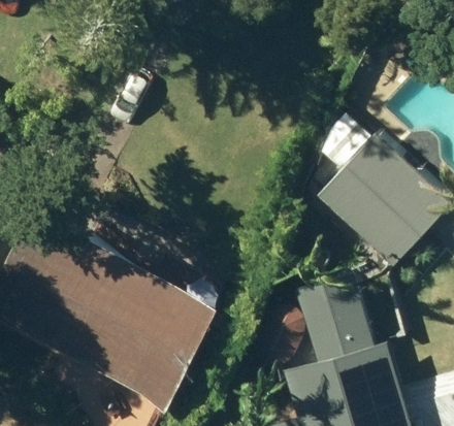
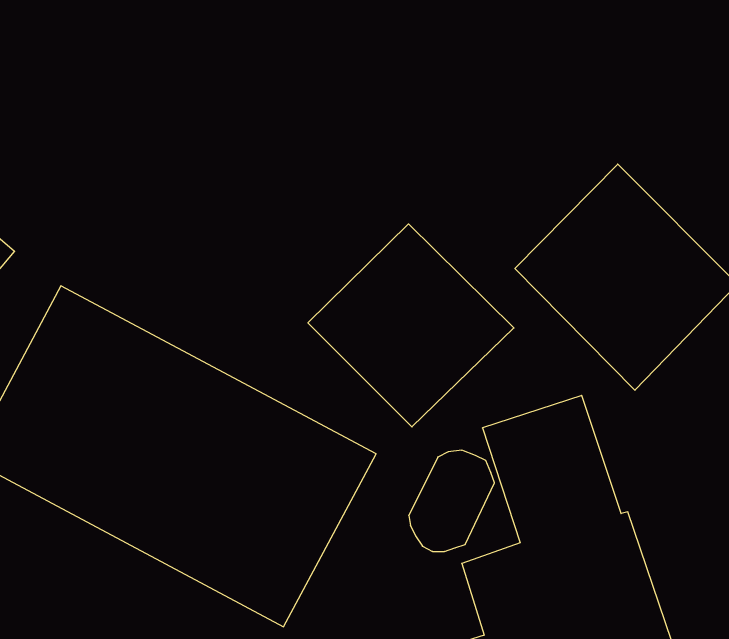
building: none -> [308,224,514,427]

